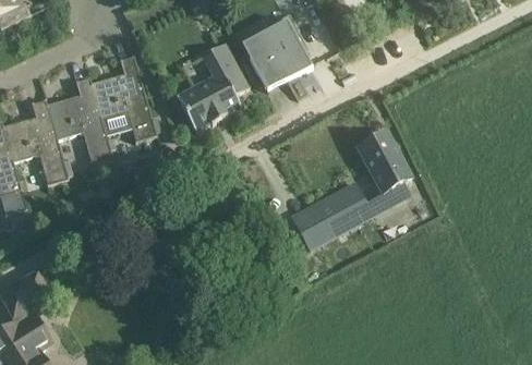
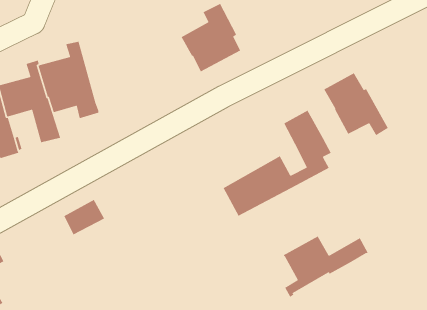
building: [177,41,249,130] -> none
building: none -> [323,72,389,136]
building: none -> [282,236,369,298]

